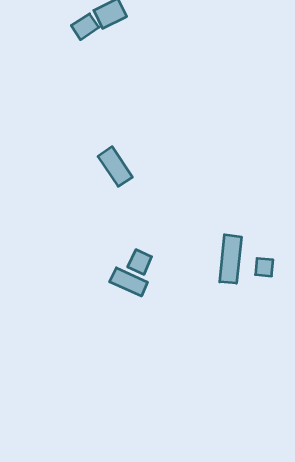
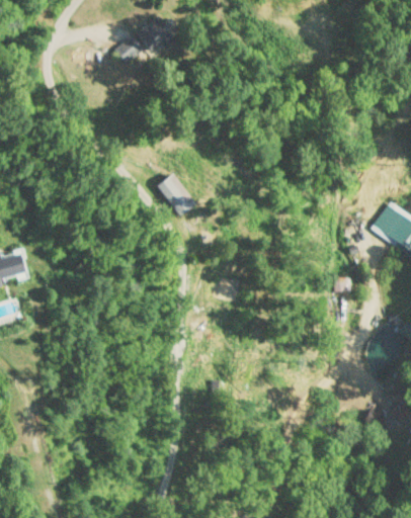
building: [220,235,241,283] -> none
building: [110,268,147,296] -> none

